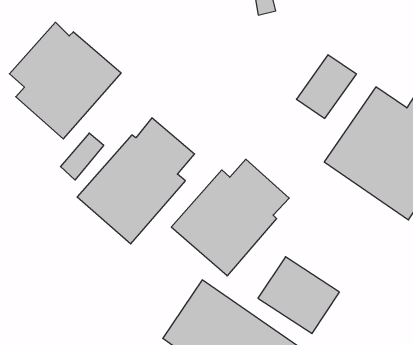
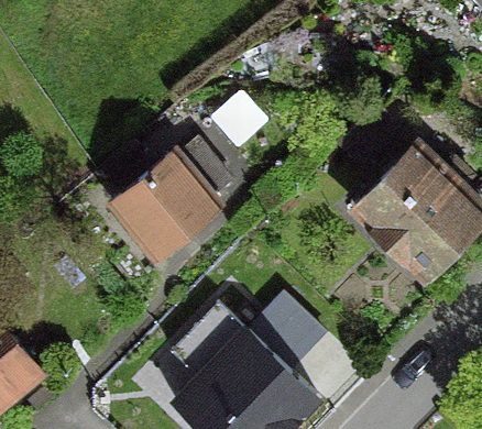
building: [9,22,121,139] -> none
building: [171,159,289,276] -> none

